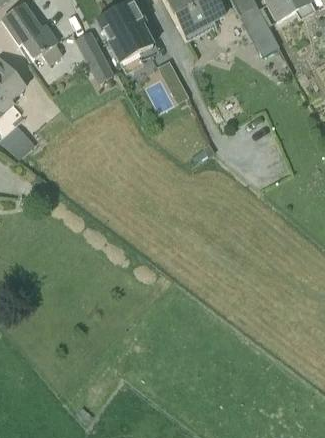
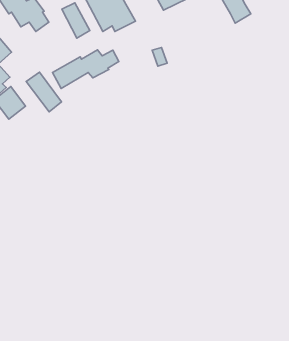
building: none -> [52,50,119,88]
building: none -> [26,72,62,112]

